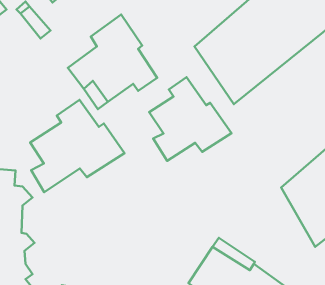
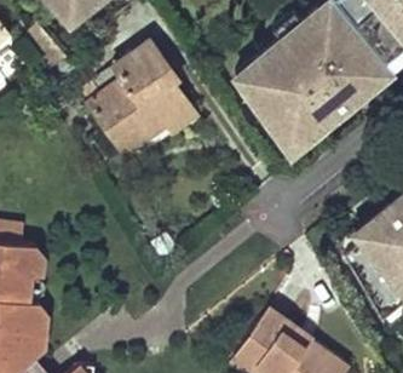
building: [149,77,231,161] -> none
building: [30,100,124,192] -> none

